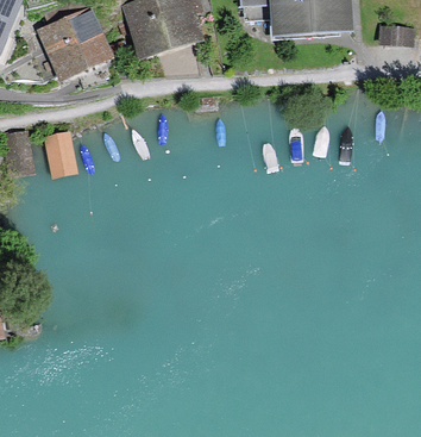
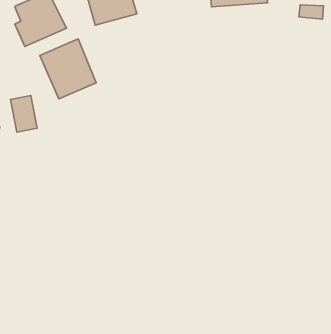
building: none -> [40,39,96,99]

